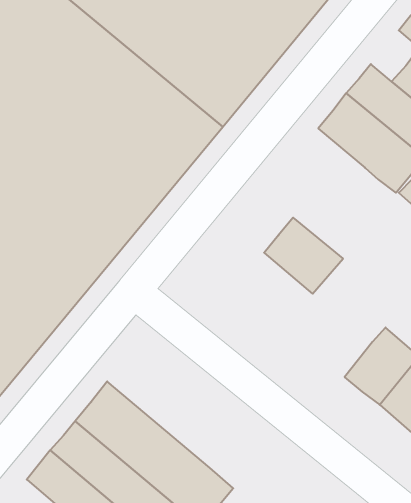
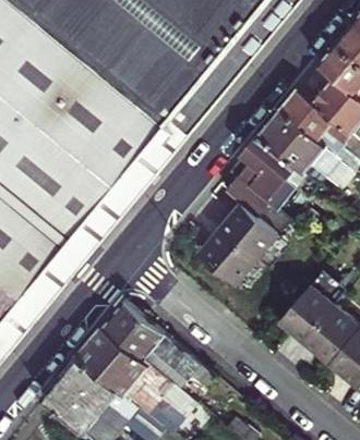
building: none -> [227,134,303,232]
building: none -> [197,227,254,282]
building: none -> [101,300,216,387]

